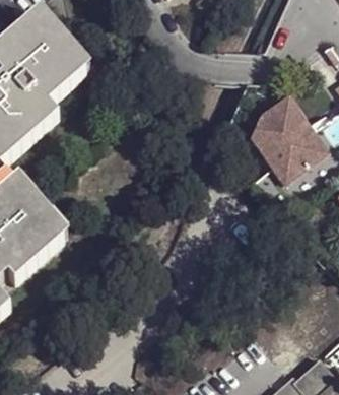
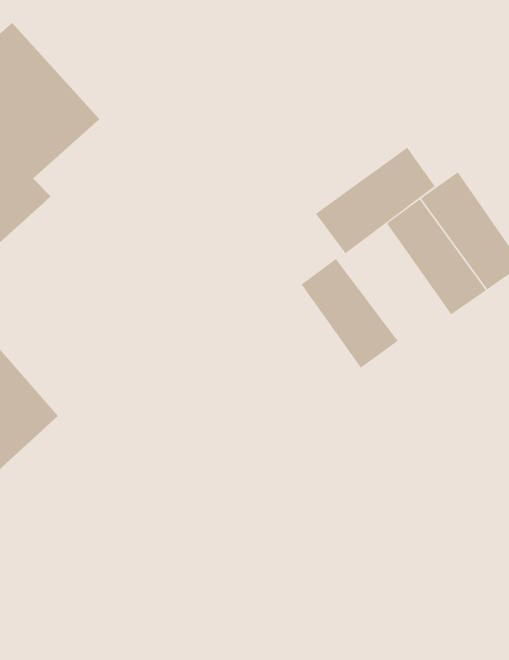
building: none -> [315,147,436,254]
building: none -> [301,258,398,368]

